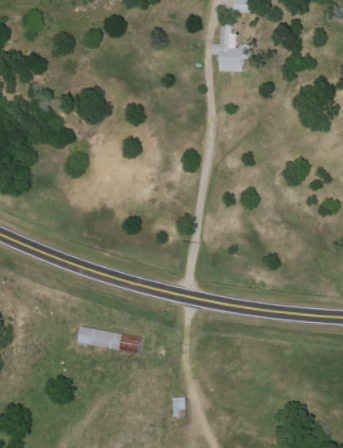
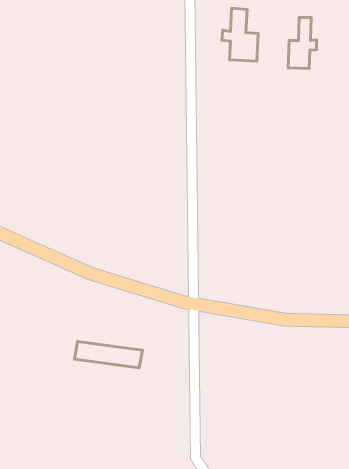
building: none -> [288,18,317,69]

